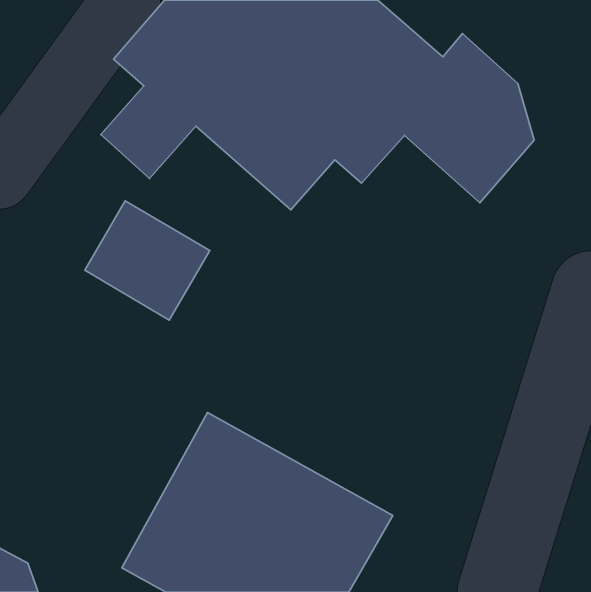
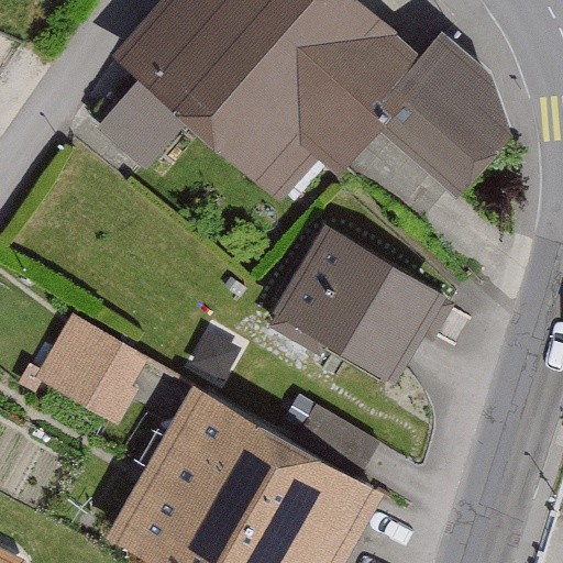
building: [85,201,210,320] -> [35,307,154,420]
building: none -> [273,230,437,382]

